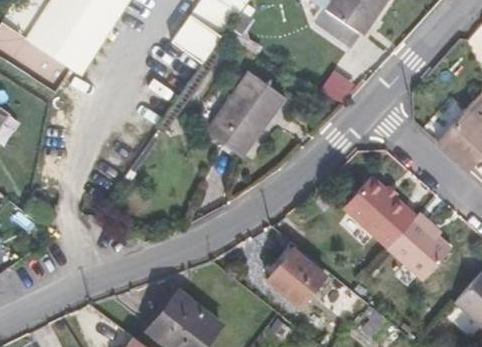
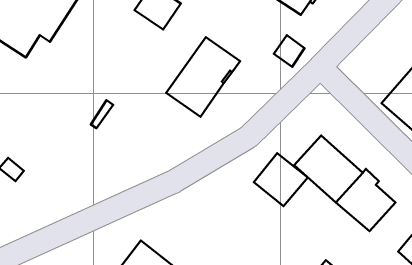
building: [267,249,325,306] -> [254,153,308,206]

